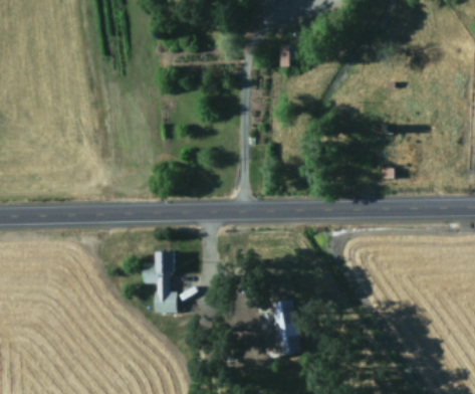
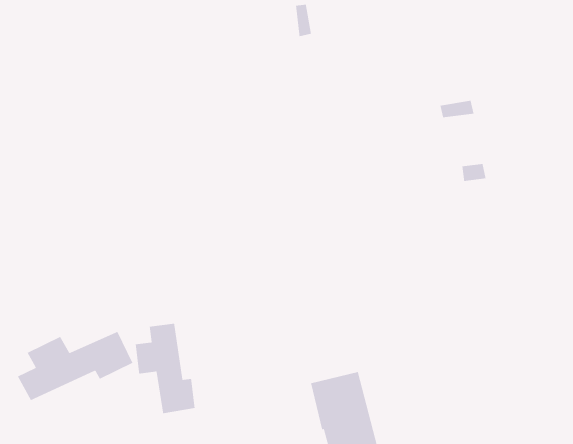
building: none -> [17,331,134,401]

